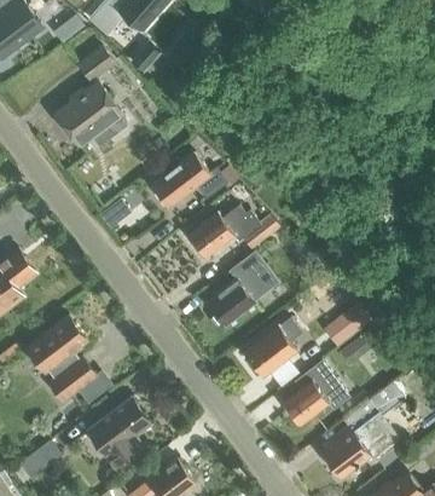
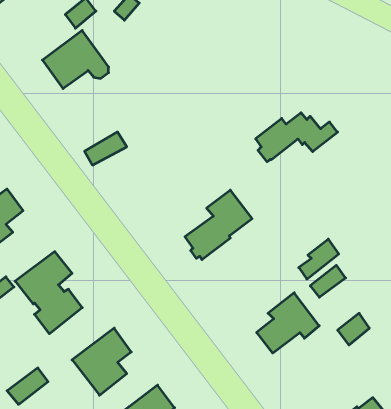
building: [151,152,226,207] -> none
building: [190,207,277,259] -> [256,113,338,162]
building: [245,318,301,376] -> none
building: [321,420,395,477] -> none

